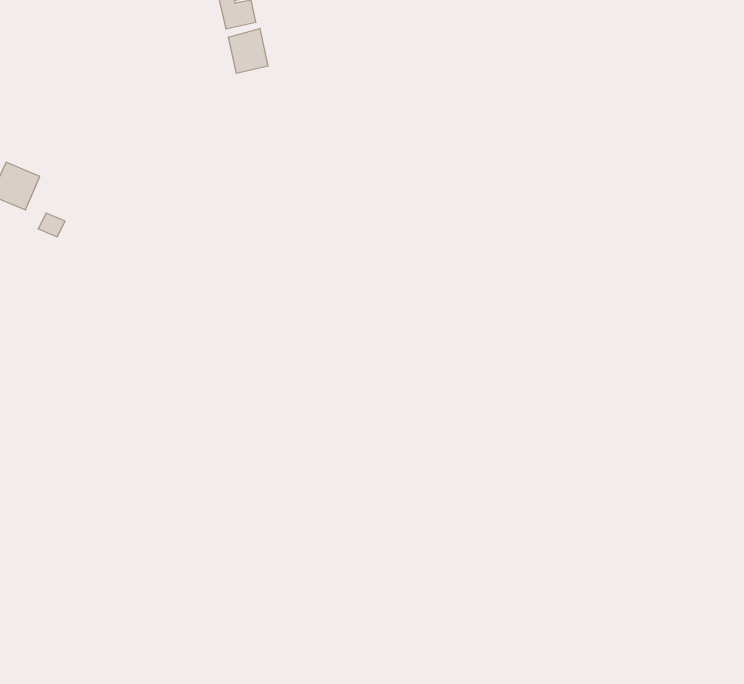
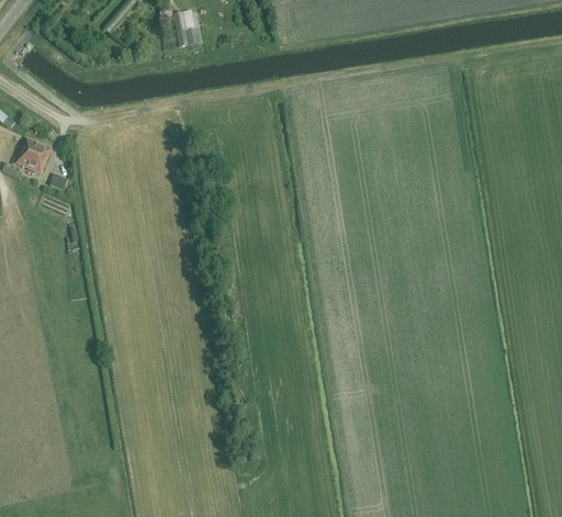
building: [228,28,268,73] -> none

